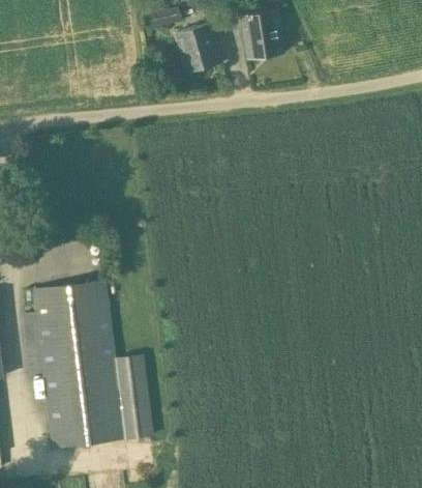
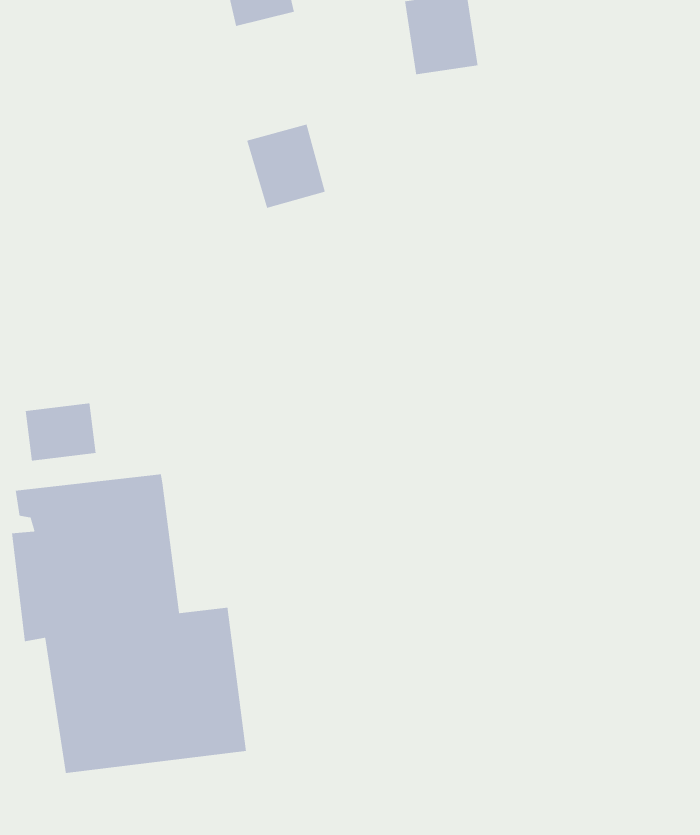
building: [175,25,219,73] -> [246,124,326,209]
building: none -> [25,402,97,461]

